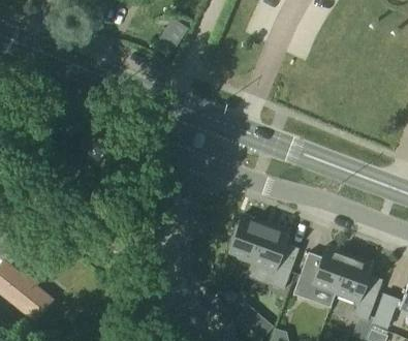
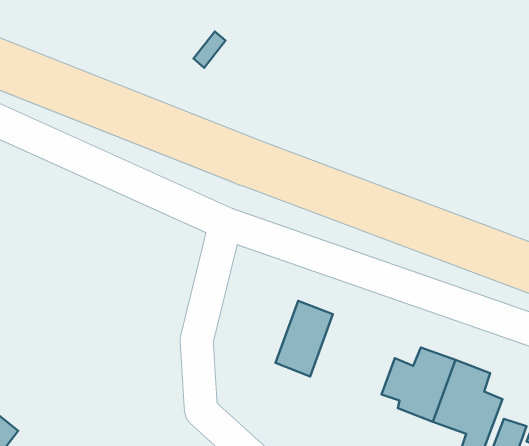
building: [247,222,299,290] -> none

